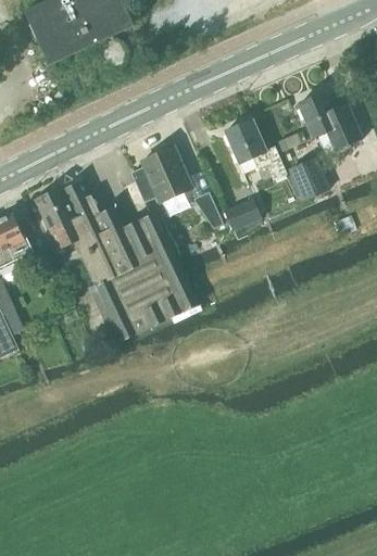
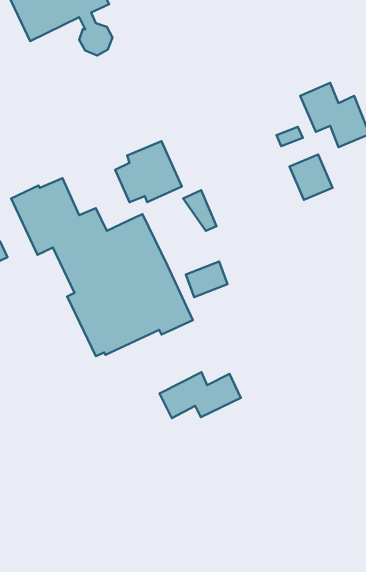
building: [224,118,286,180] -> none
building: [223,198,261,230] -> [186,261,228,297]
building: none -> [160,372,241,418]

